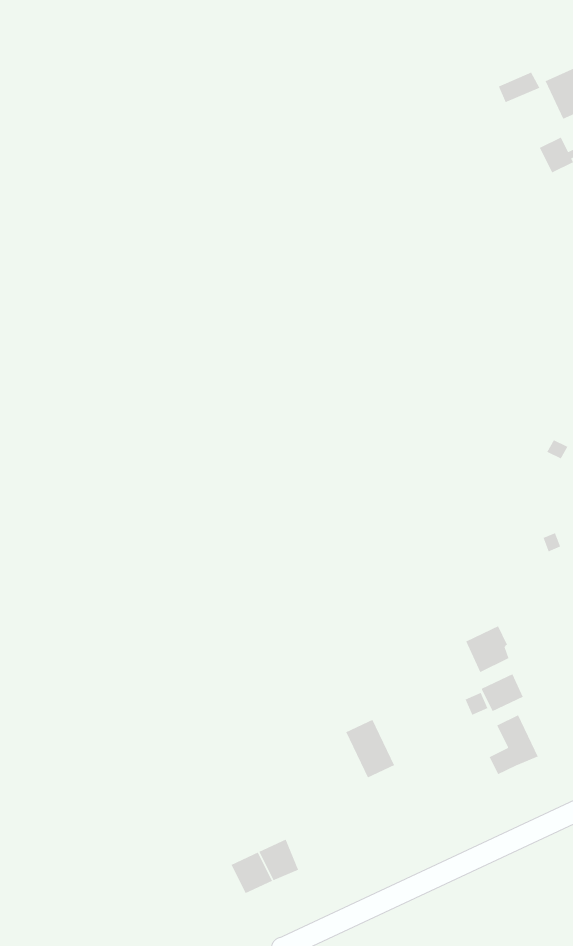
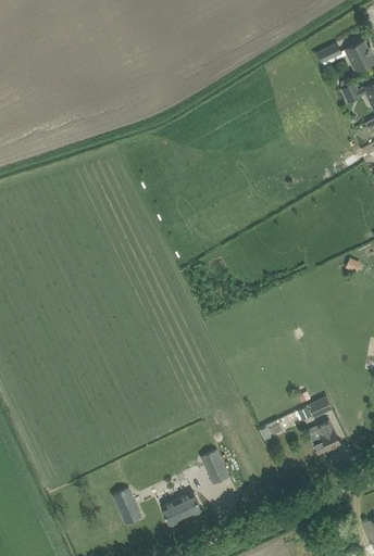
building: [465,625,510,673] -> none
building: [345,719,395,778] -> [200,448,229,483]
building: none -> [112,488,141,525]

